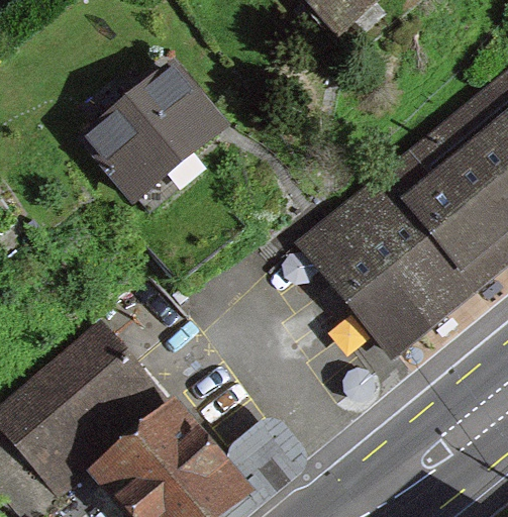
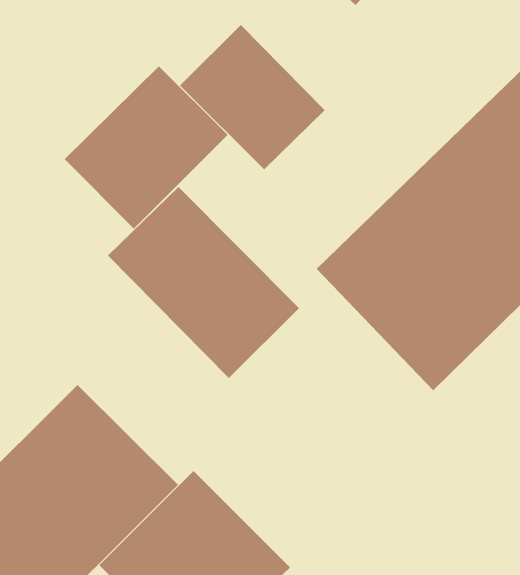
building: none -> [179,24,326,170]
building: none -> [107,186,300,379]

